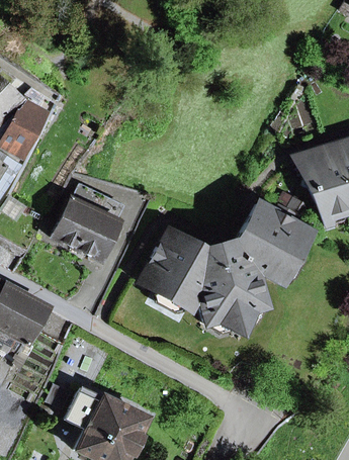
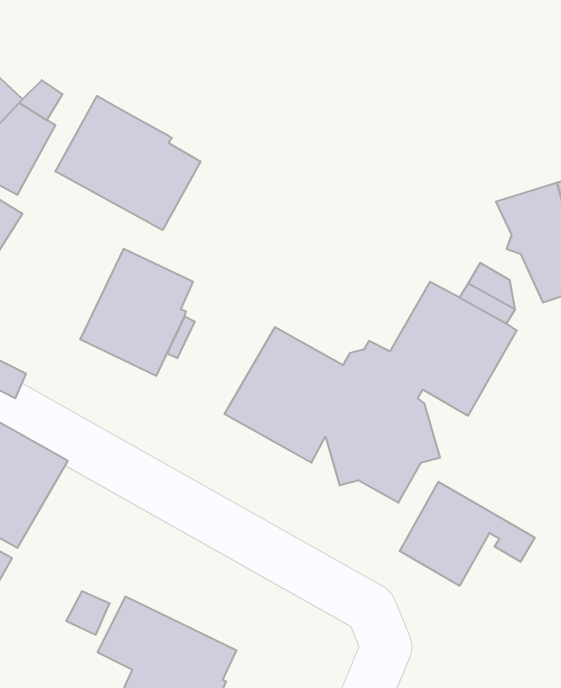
building: none -> [55,96,200,230]
building: none -> [400,482,535,586]

